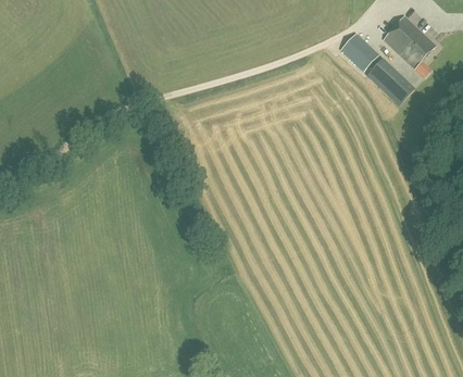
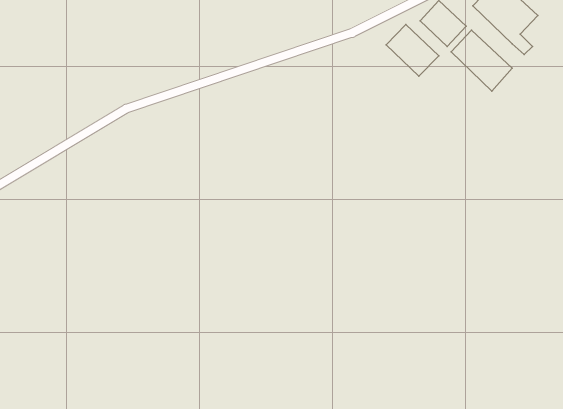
building: none -> [386,25,439,76]

